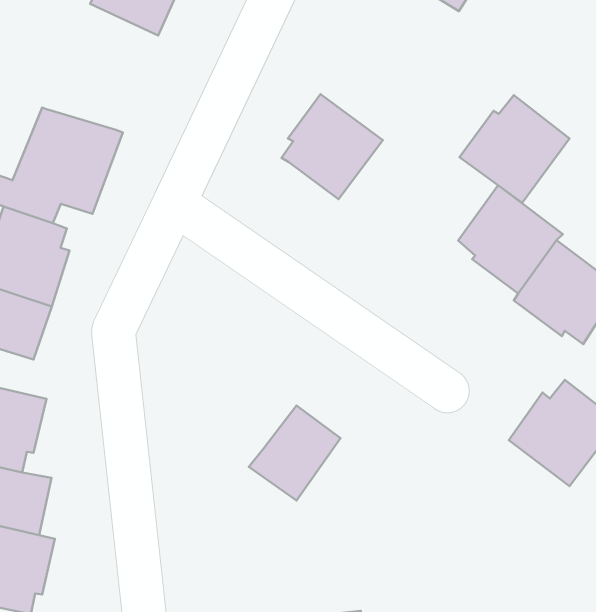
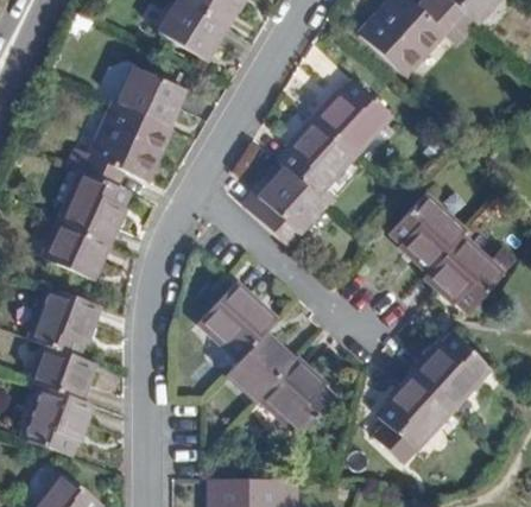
building: none -> [116,70,182,126]
building: [460,95,569,203] -> [310,77,388,153]
building: none -> [241,161,322,240]
building: none -> [204,284,280,360]
building: none -> [263,359,336,436]
building: none -> [378,373,455,463]

